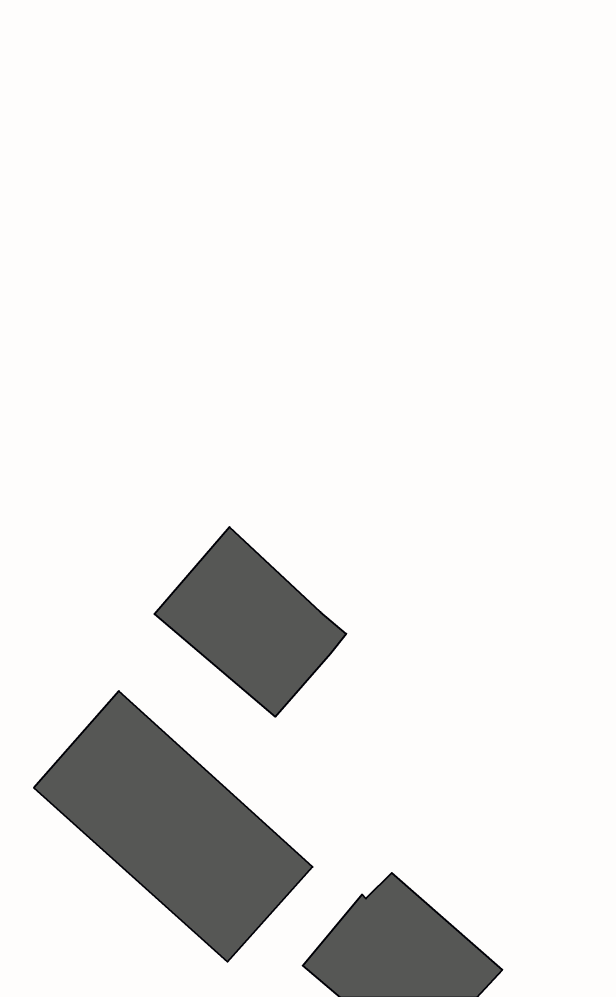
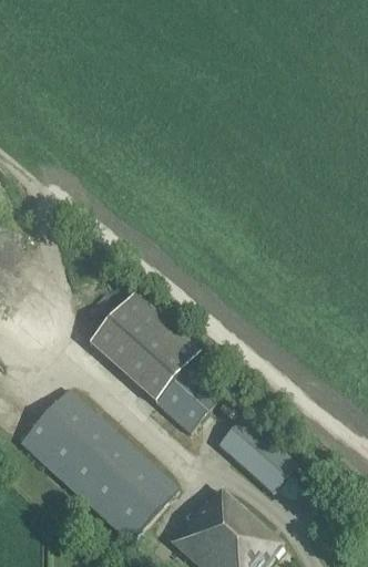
building: none -> [156,367,219,431]
building: none -> [218,416,297,493]

